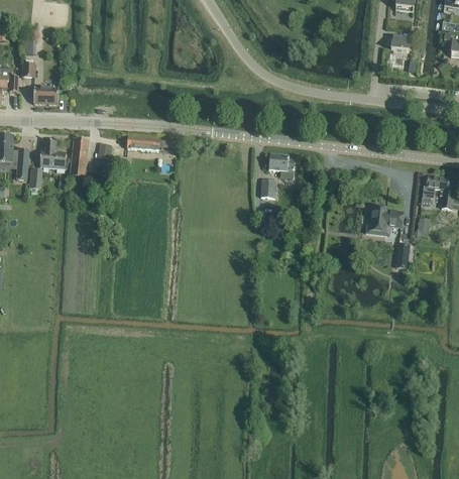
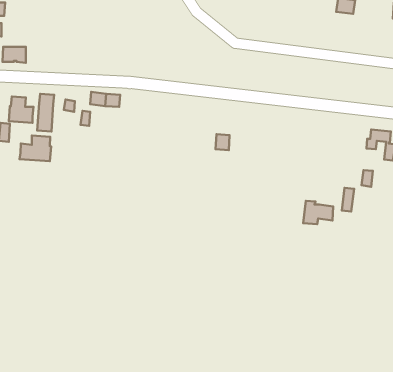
building: [268,152,295,177] -> none
building: none -> [19,136,51,161]
building: [370,206,403,231] -> [303,201,333,224]

